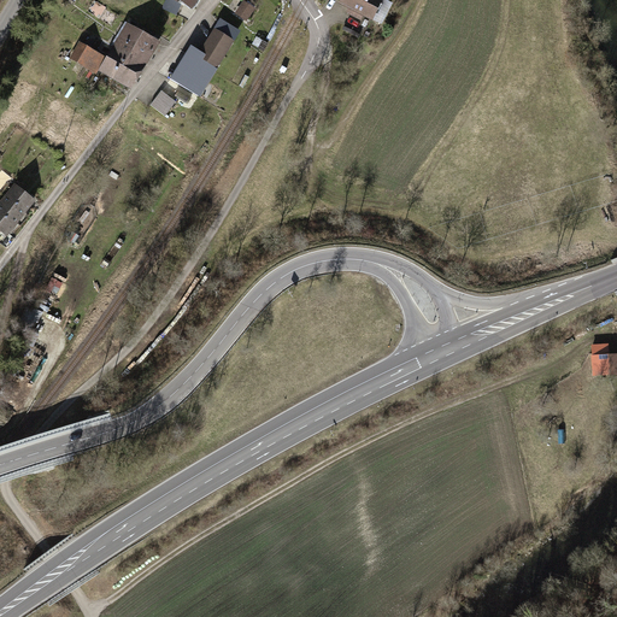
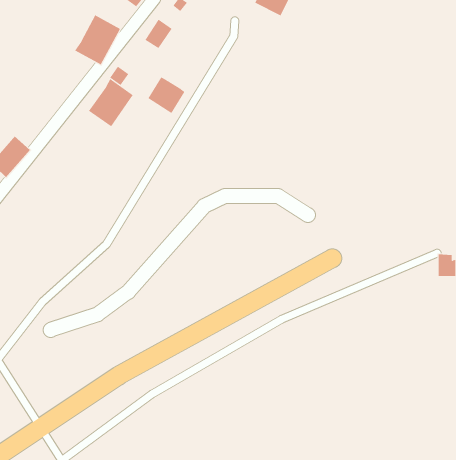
building: [69,36,107,71] -> none
building: [166,48,217,98] -> [147,77,185,114]
building: none -> [88,78,133,127]

